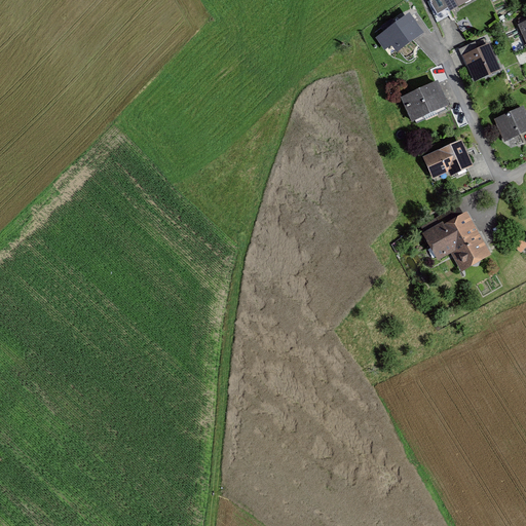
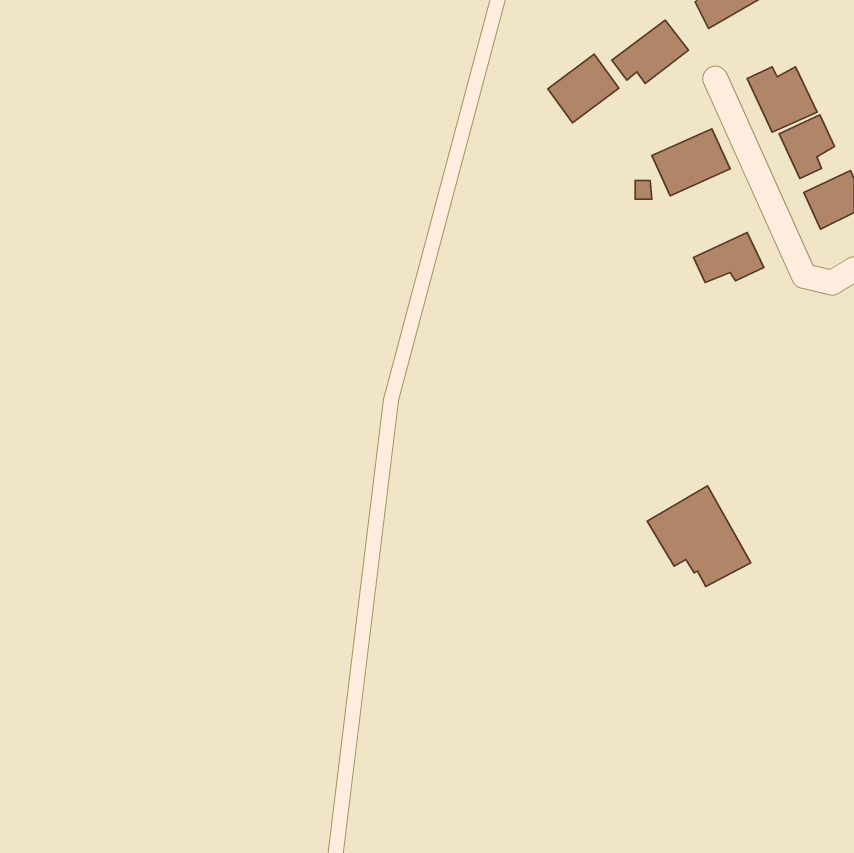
building: none -> [548,54,619,123]
building: none -> [779,115,835,178]
building: [421,205,485,267] -> [647,486,751,586]

